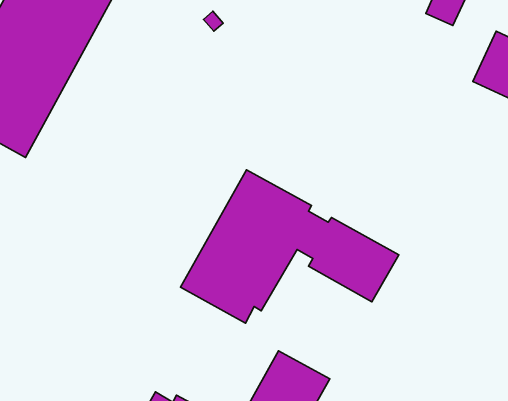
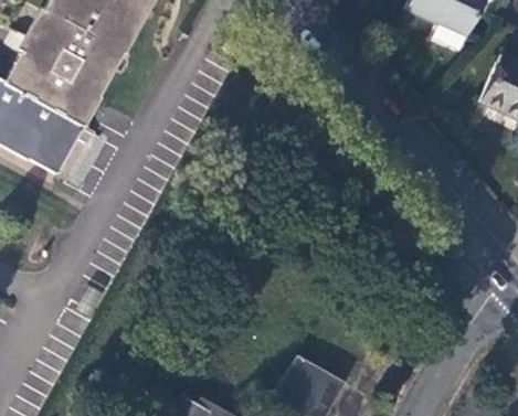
building: [181,170,399,323] -> none

